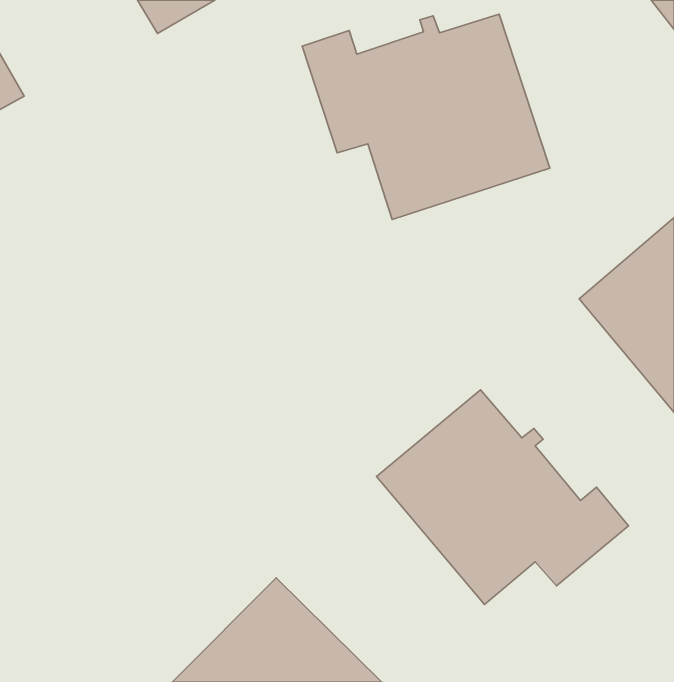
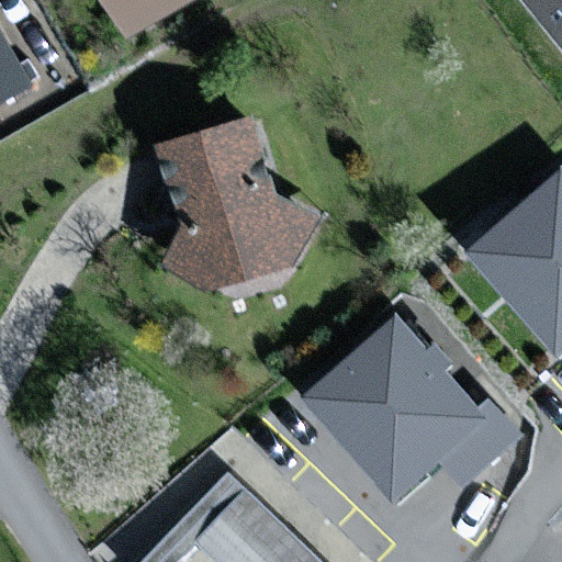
building: [302,14,550,219] -> none
building: none -> [170,119,312,280]

